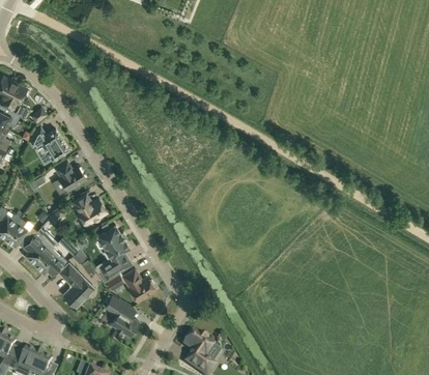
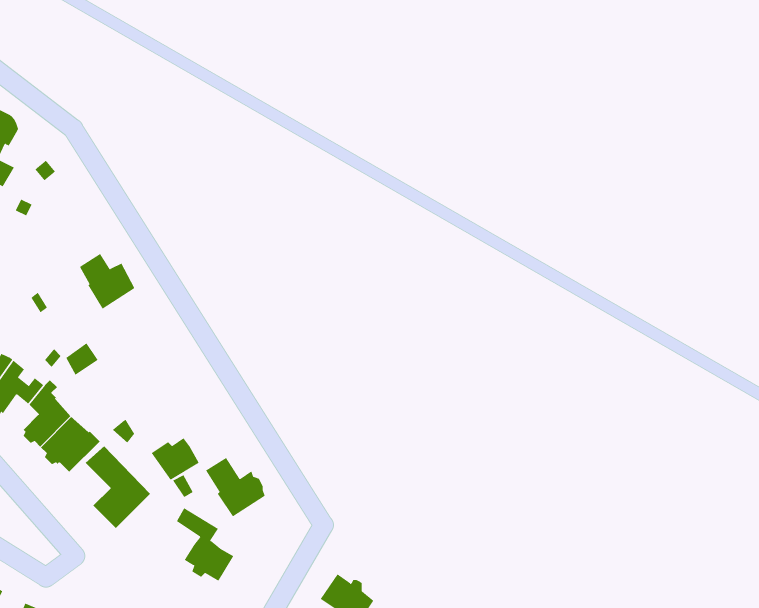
building: [30,126,69,161] -> none
building: [74,194,107,225] -> none
building: [96,226,130,259] -> none

